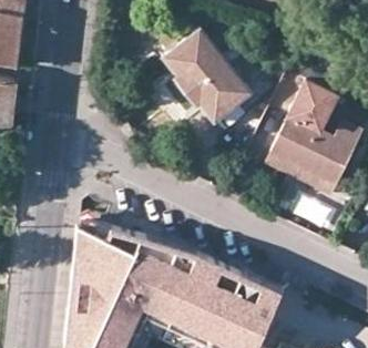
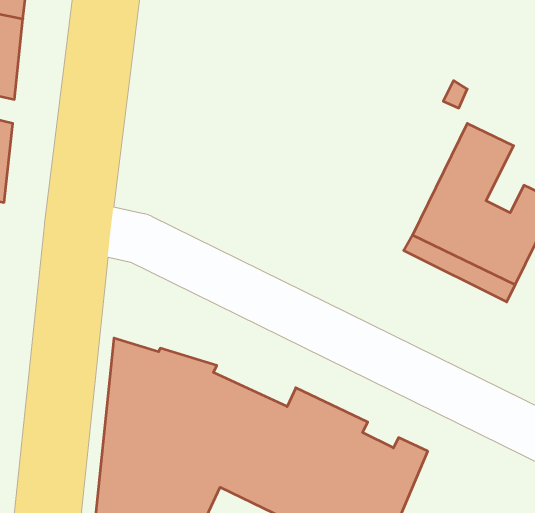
building: [162,29,251,123] -> none

